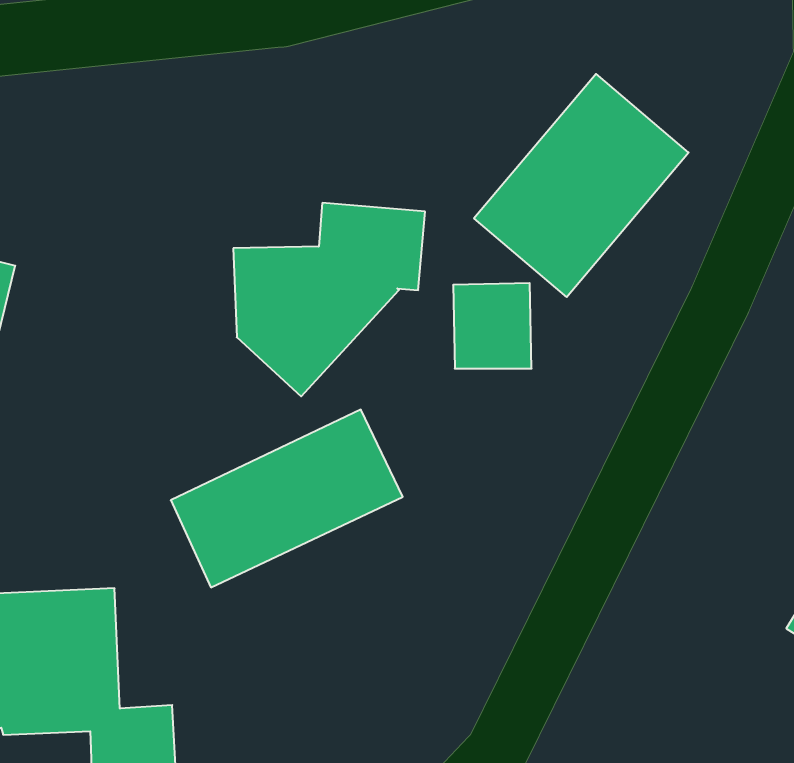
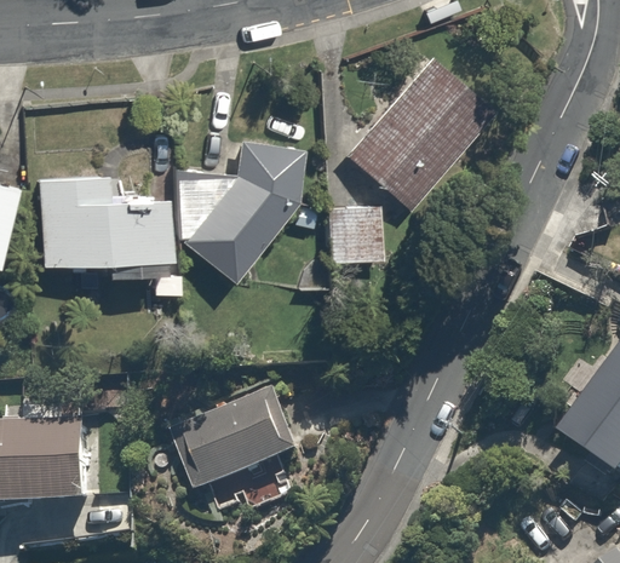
building: none -> [34,170,177,277]
building: [171,410,403,587] -> [176,375,337,499]

